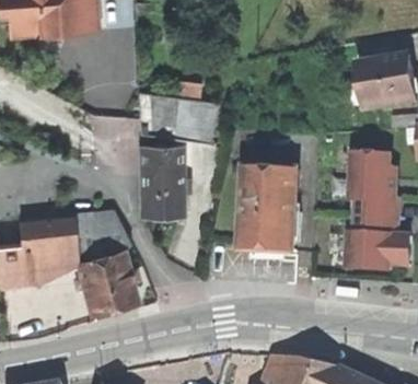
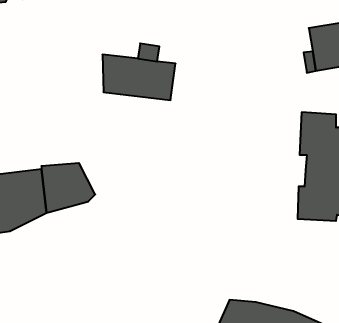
building: [140,143,182,216] -> none
building: [242,167,299,254] -> none
building: [78,249,136,311] -> none

